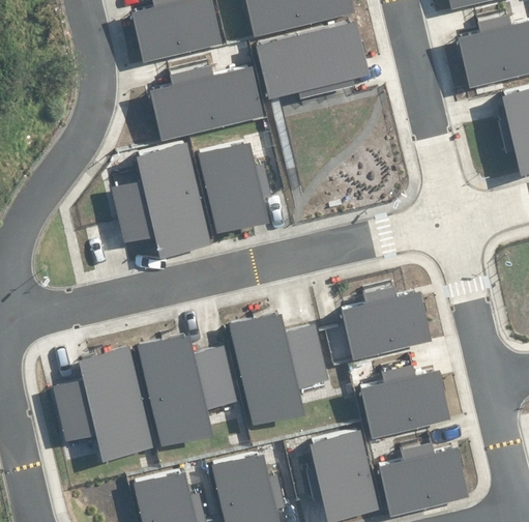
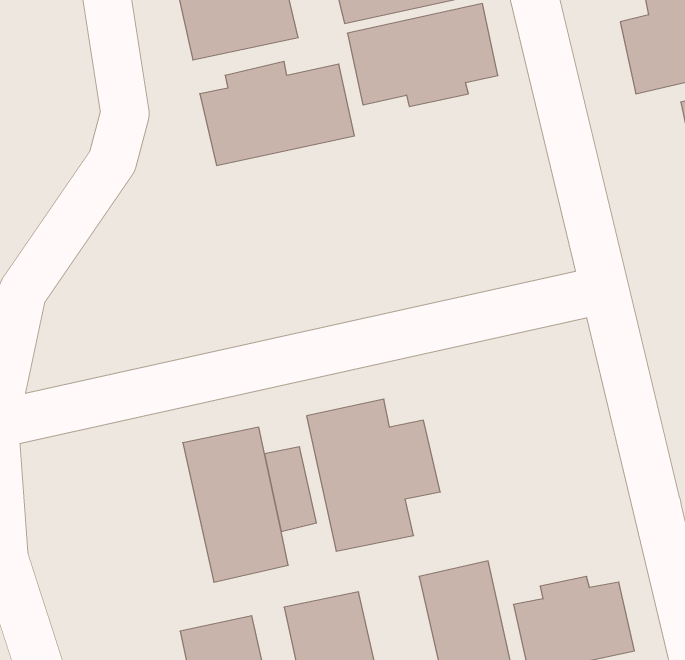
building: [110,143,210,256] -> none
building: [198,143,269,232] -> none
building: [341,286,431,359] -> none
building: [51,347,152,460] -> none
building: [362,366,449,437] -> none

